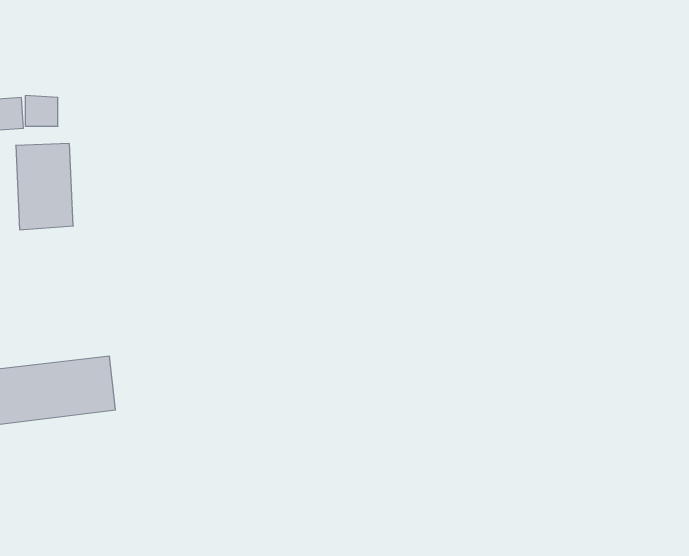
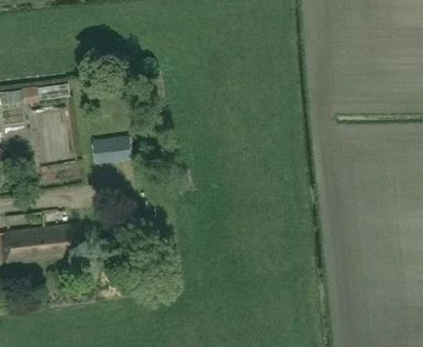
building: none -> [92,136,132,163]

